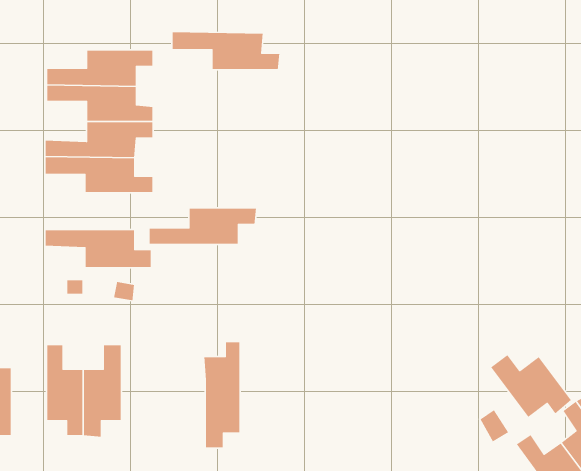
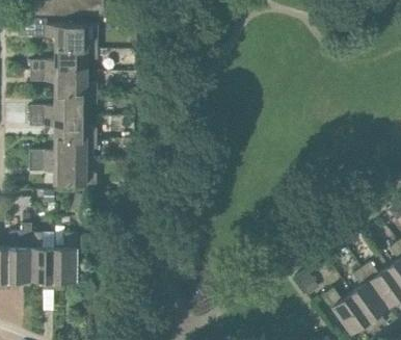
building: [172,32,280,70] -> [30,25,98,49]
building: [149,208,257,244] -> [29,138,97,161]
building: [204,342,240,448] -> [7,224,30,290]
building: [490,354,572,418] -> none

